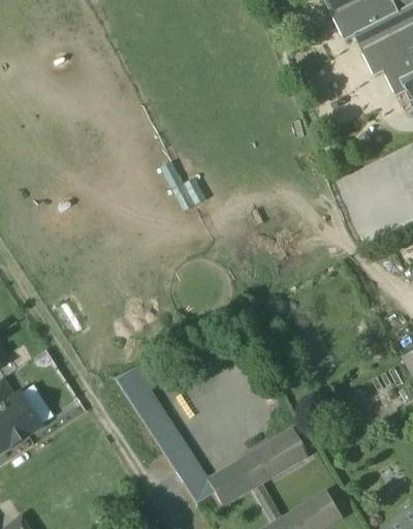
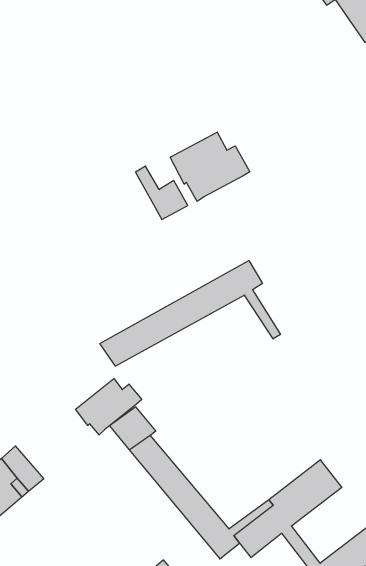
building: none -> [170,132,250,201]
building: none -> [100,261,280,366]
building: none -> [75,379,142,435]

